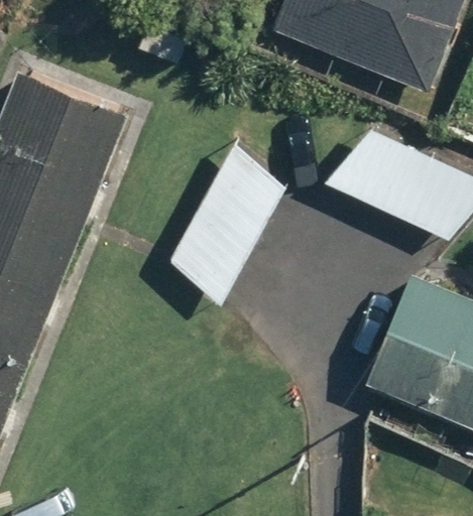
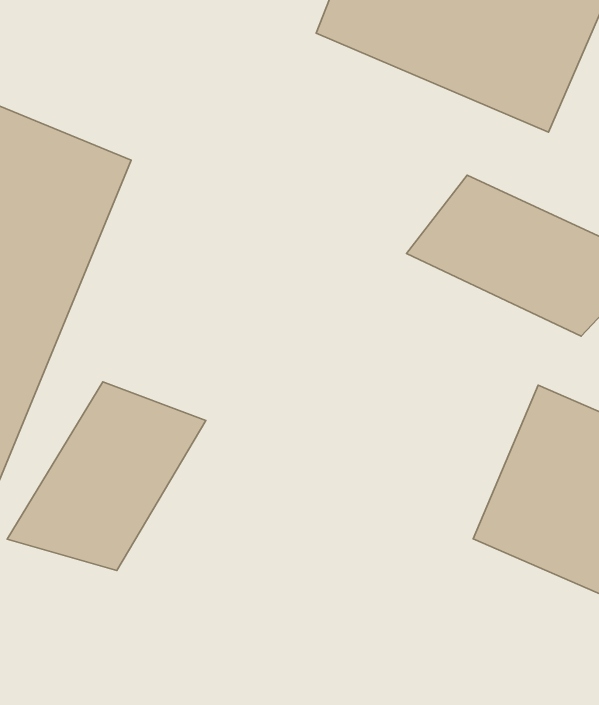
building: [165,144,285,307] -> none
building: none -> [7,382,206,571]

